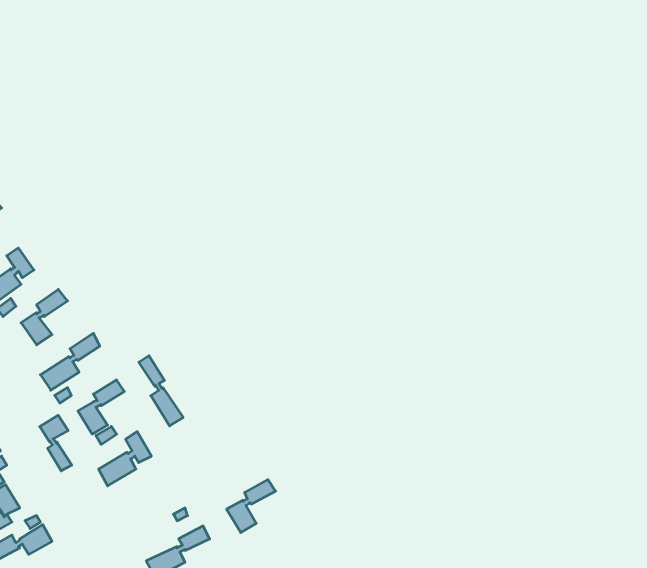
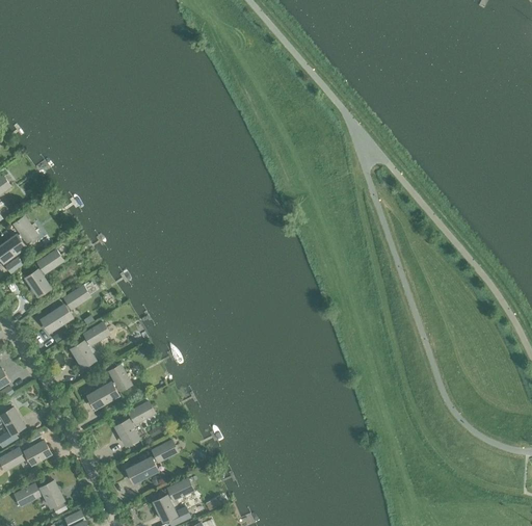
building: [139,356,183,426] -> none
building: [40,415,72,471] -> none
building: [227,480,276,533] -> [114,402,154,445]

